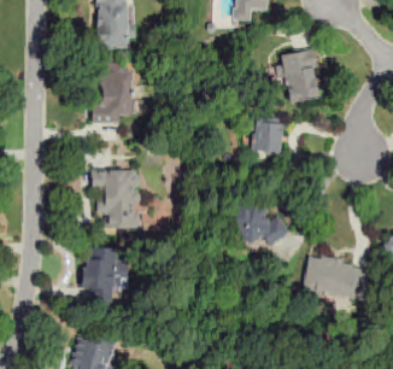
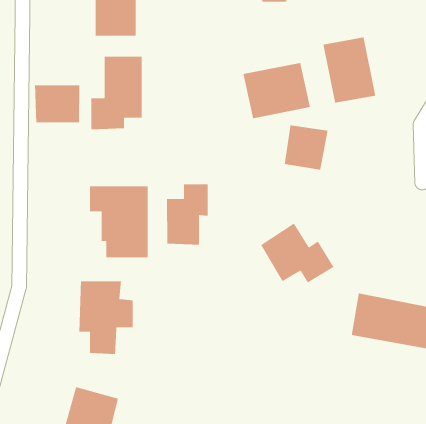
building: none -> [243,62,311,119]
building: none -> [34,84,80,123]
building: none -> [166,183,209,245]

